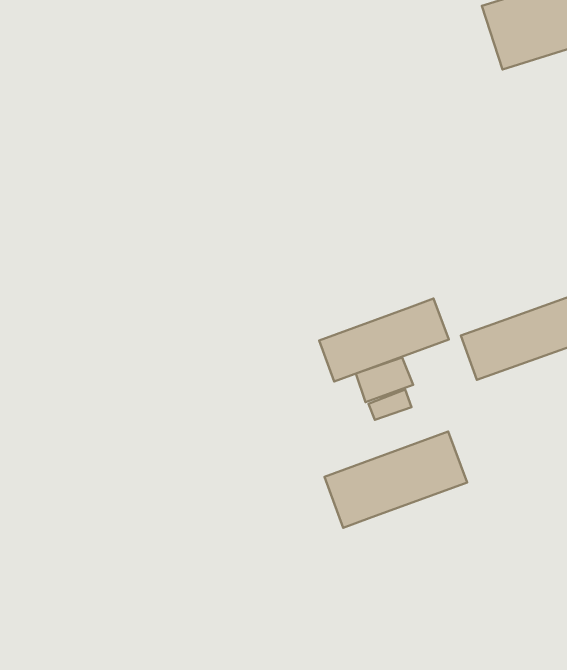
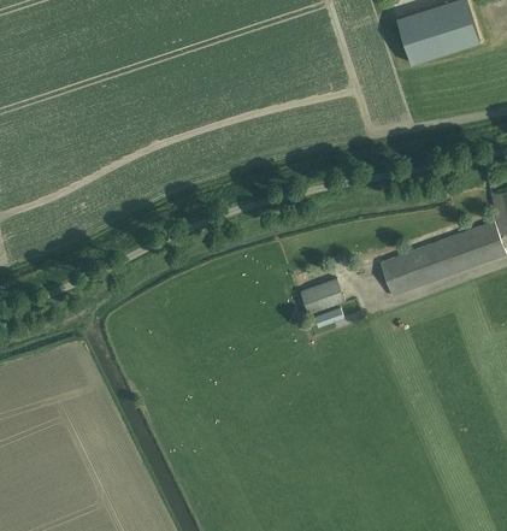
building: [319,298,449,381] -> none
building: [325,431,467,528] -> none

